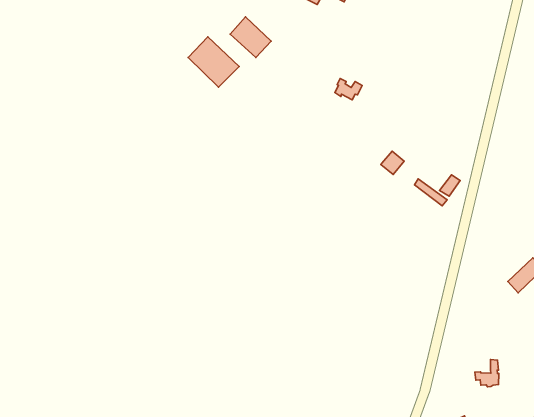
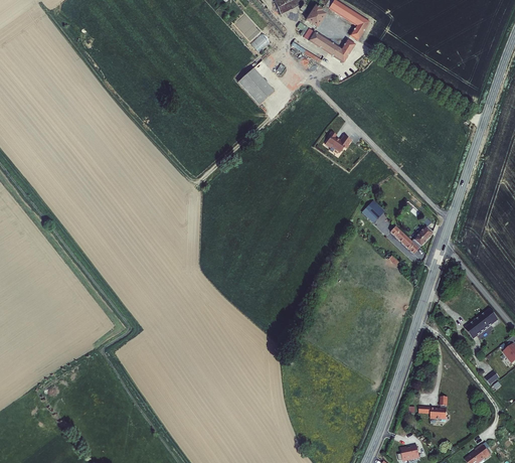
building: [188,37,239,87] -> none

